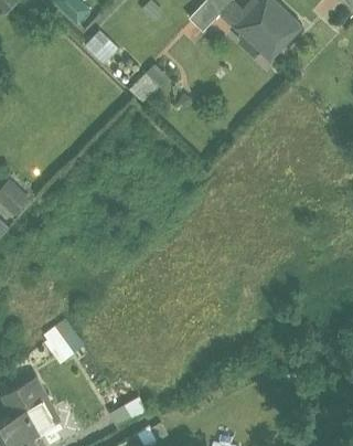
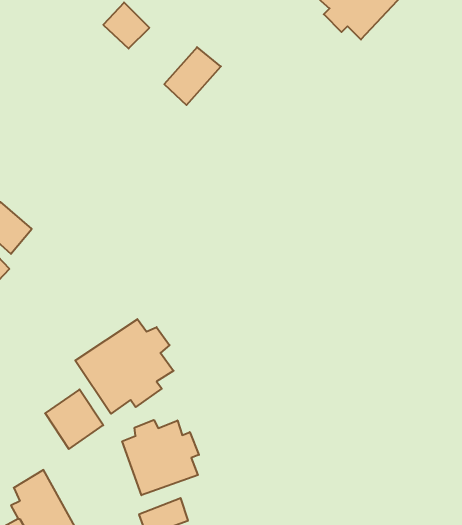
building: none -> [75,319,174,414]
building: none -> [122,420,199,495]

